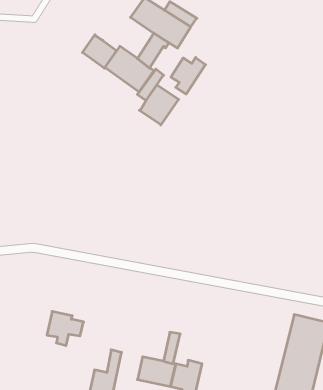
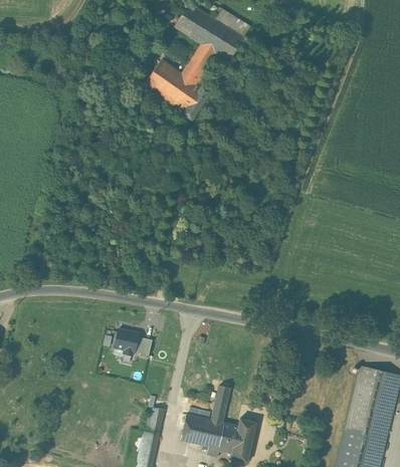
building: [82,35,117,68] -> none
building: [171,57,206,94] -> none
building: [139,85,179,125] -> none
building: [47,311,84,346] -> [110,326,152,366]

